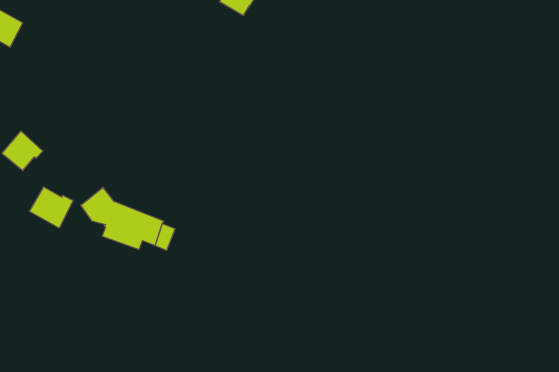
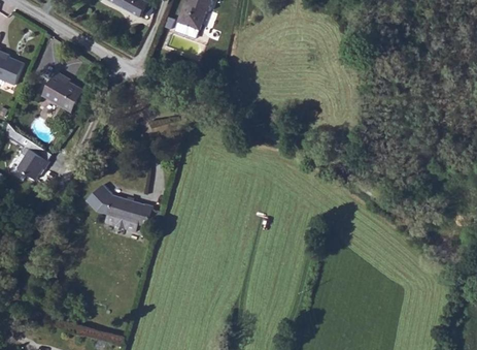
building: none -> [40,68,83,109]
building: [30,187,73,228] -> none

